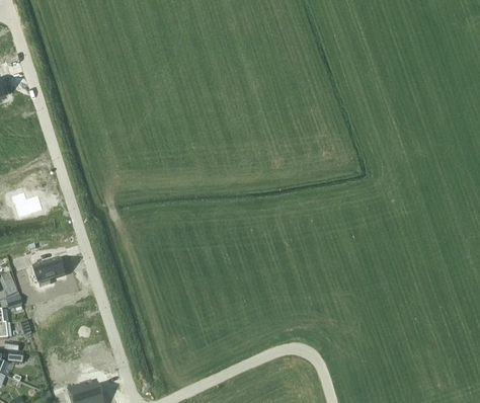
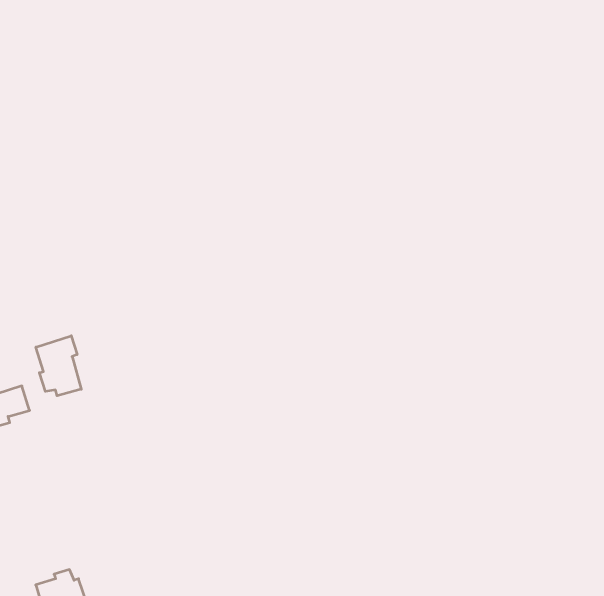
building: none -> [36,336,81,396]

